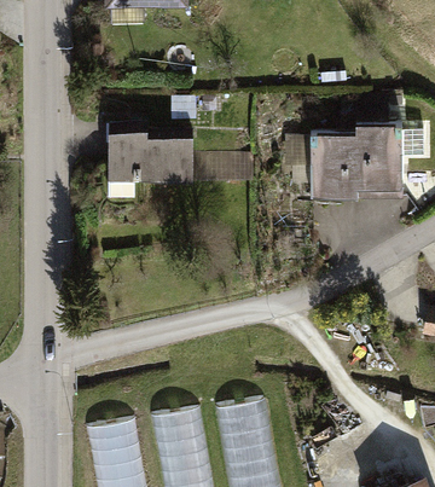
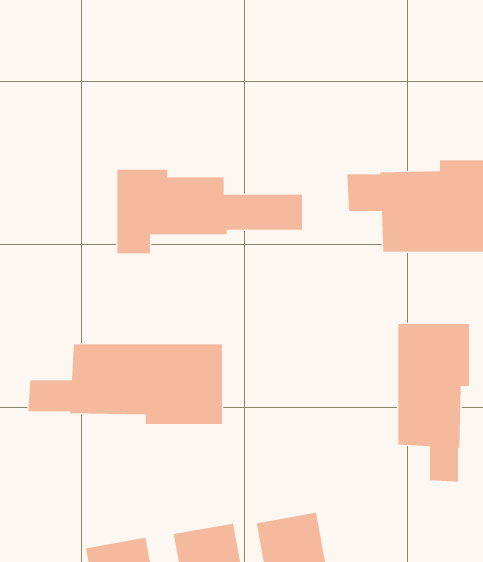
building: none -> [398,323,470,483]
building: none -> [28,344,223,425]

